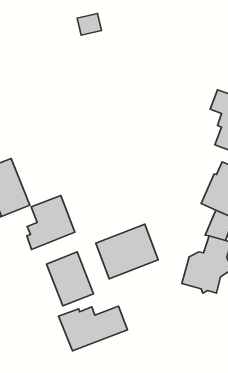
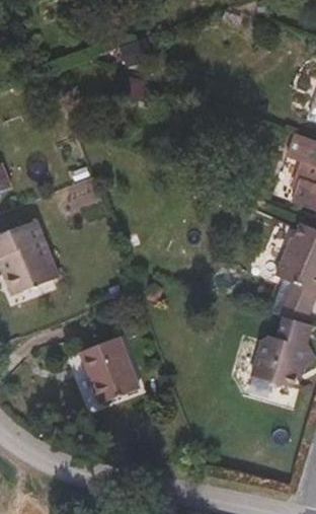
building: [27,195,75,249] -> none
building: [96,224,158,279] -> none
building: [59,306,128,351] -> none

